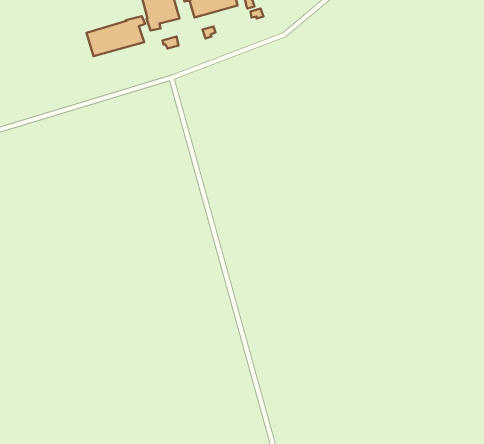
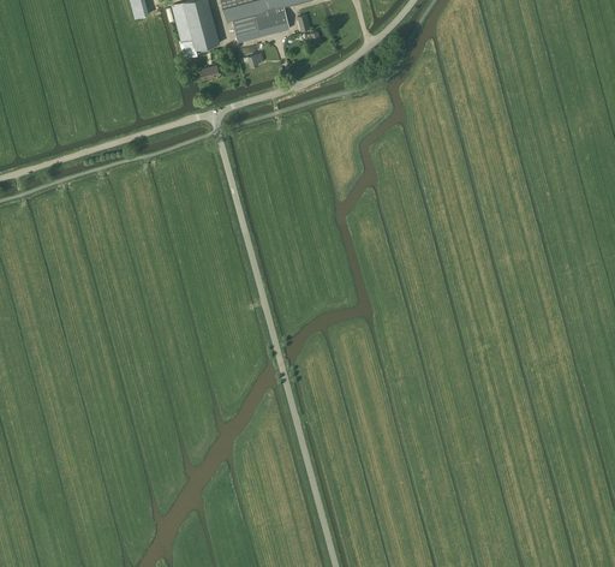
building: [86,16,145,56] -> none

